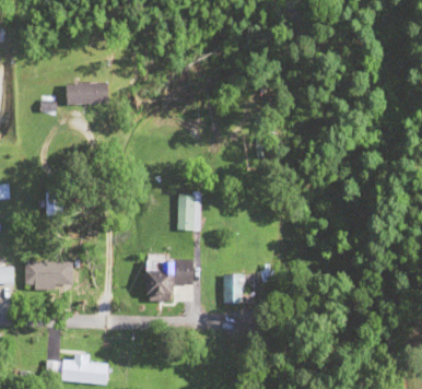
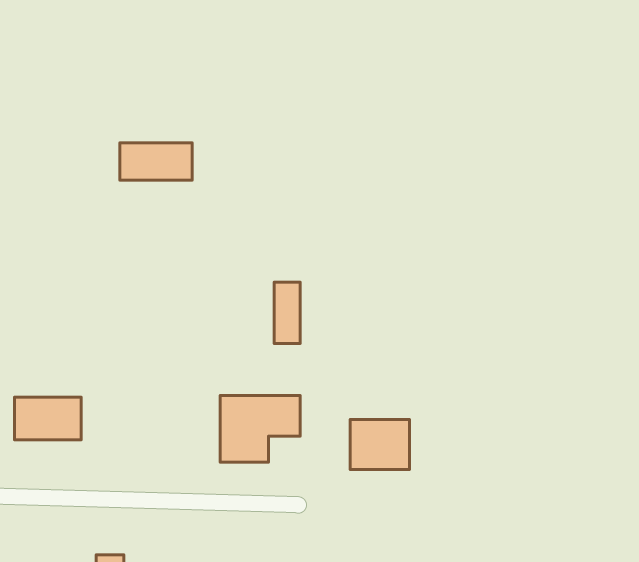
building: [66,81,108,103] -> [120,143,192,180]

